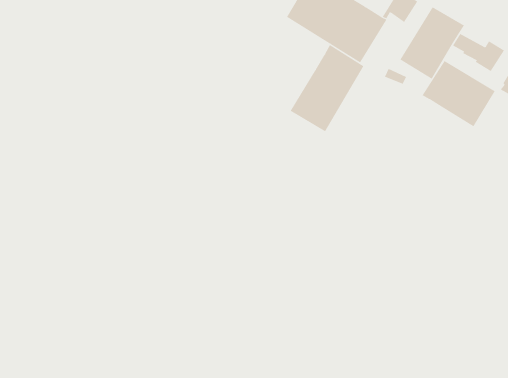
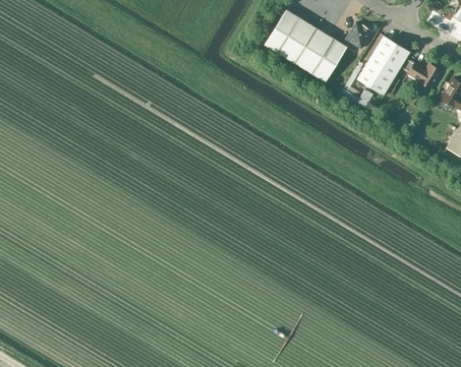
building: [290,44,364,132] -> none
building: [422,60,495,127] -> none

